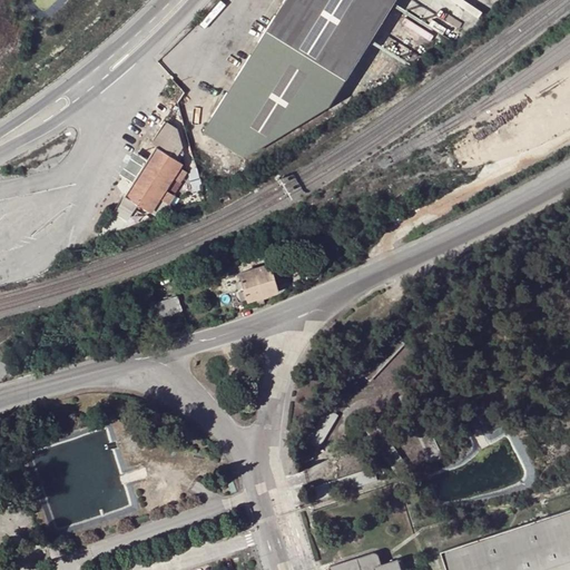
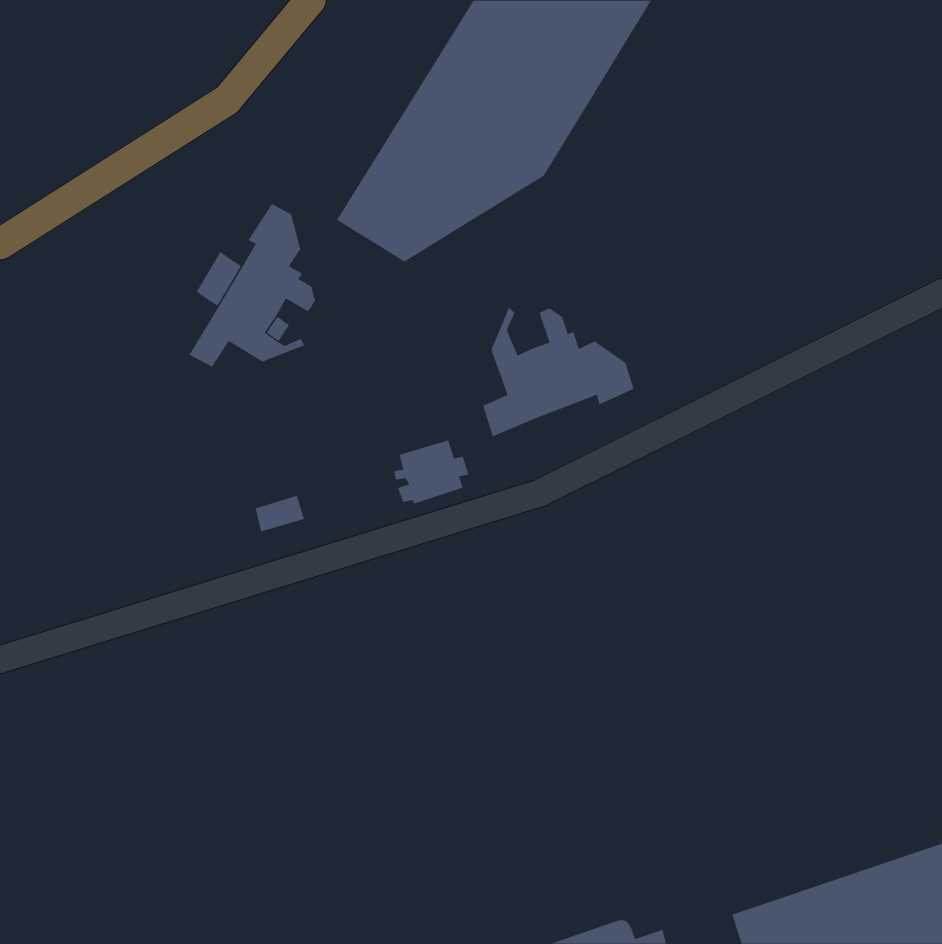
building: none -> [482,306,634,437]

